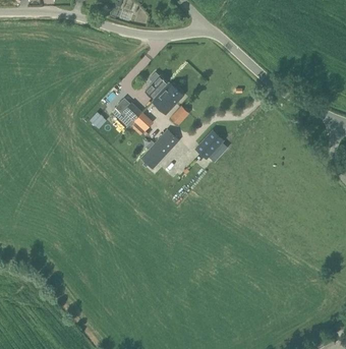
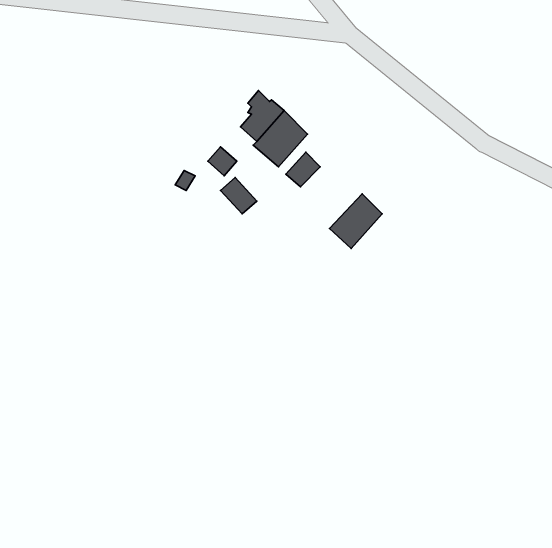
building: [139,128,180,170] -> none

